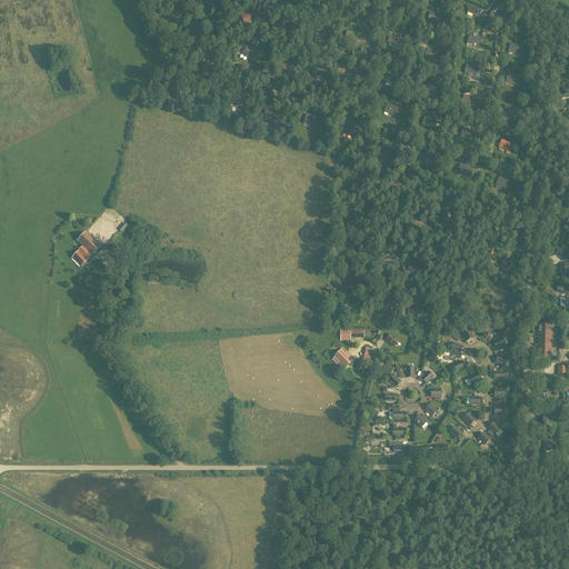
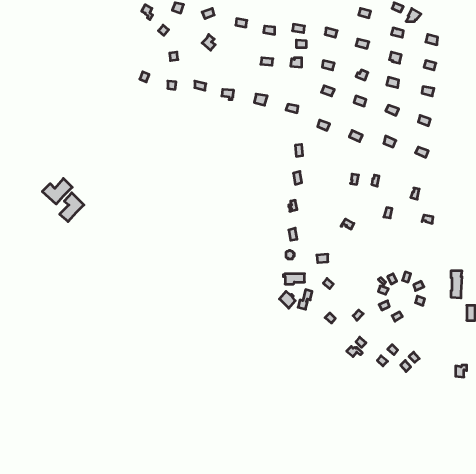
building: none -> [42,178,72,204]

